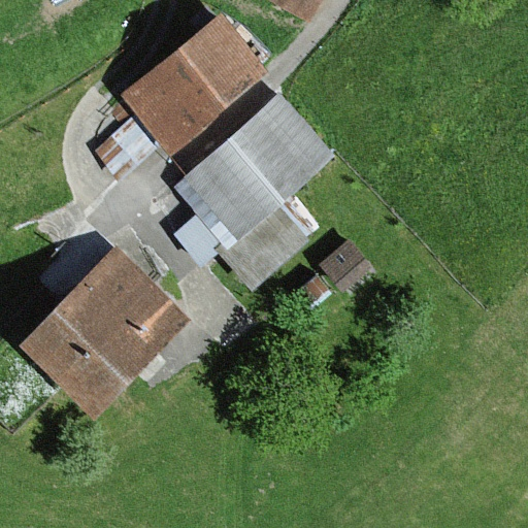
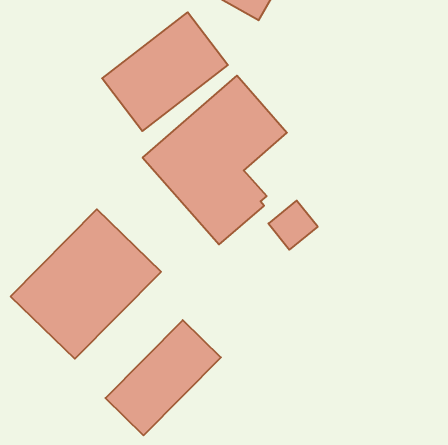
building: none -> [105,320,221,435]

